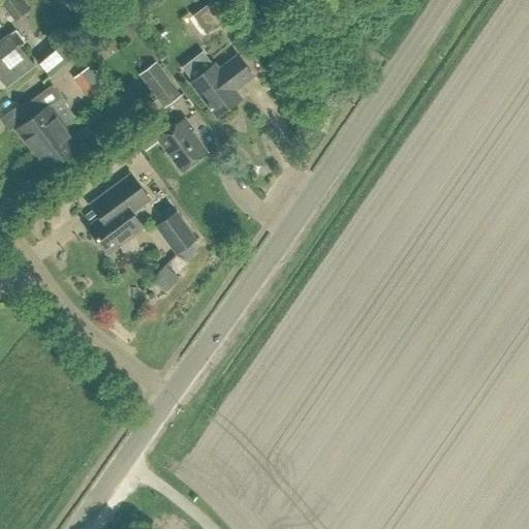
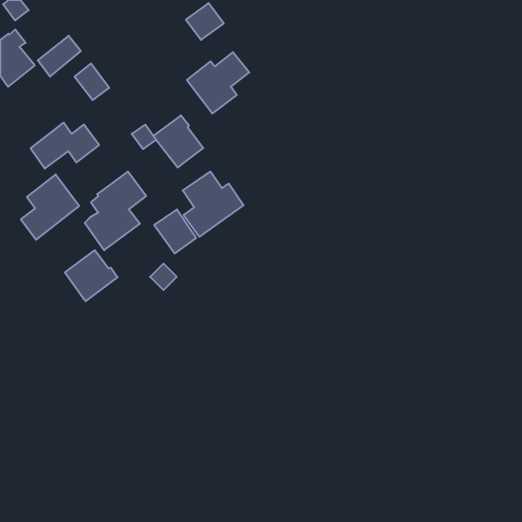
building: [139,62,183,108] -> none
building: [15,84,74,150] -> [21,174,79,240]
building: none -> [183,172,244,237]
building: none -> [65,250,118,301]

